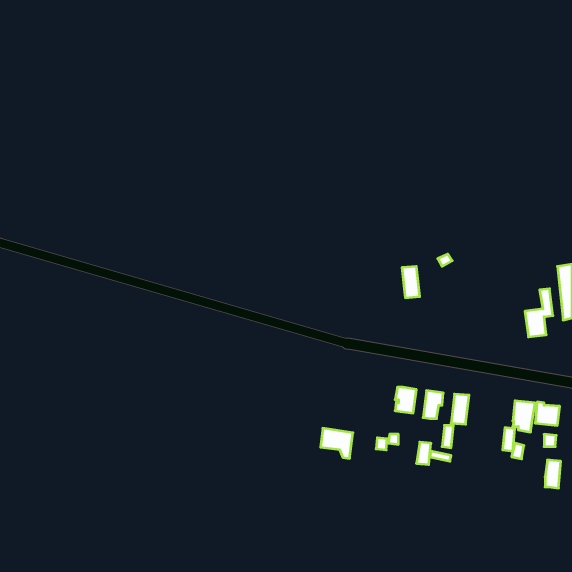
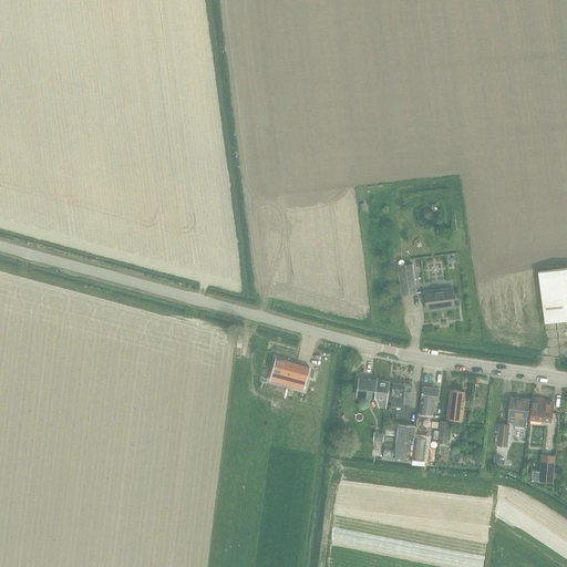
building: none -> [424,288,454,310]
building: none -> [271,359,309,390]
building: [321,428,353,458] -> [357,378,389,408]
building: none -> [394,424,414,460]

